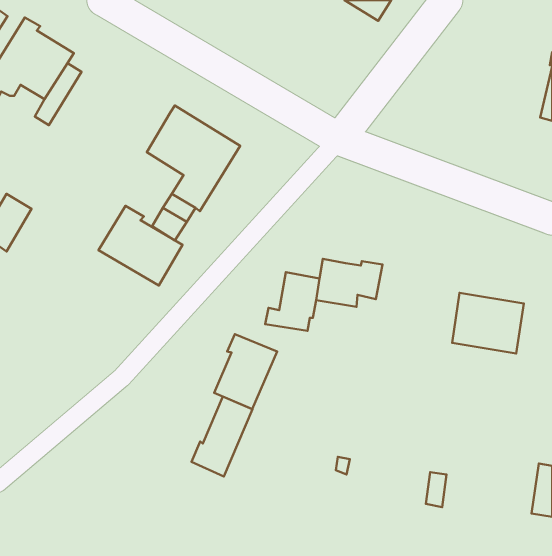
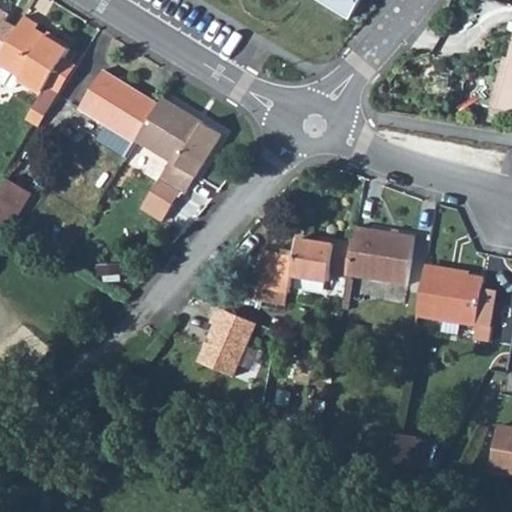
building: none -> [78,70,157,143]
building: [99,206,183,285] -> none
building: none -> [346,227,413,285]
building: [191,397,252,477] -> none

